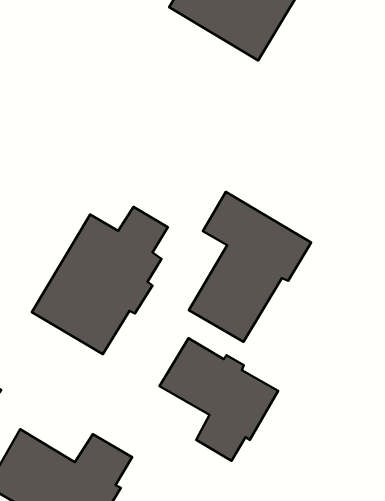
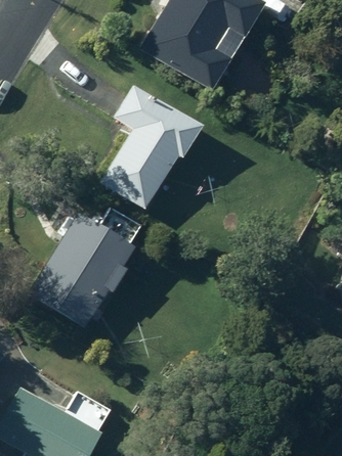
building: [189,192,311,342] -> [102,87,201,208]
building: [159,338,278,461] -> none

